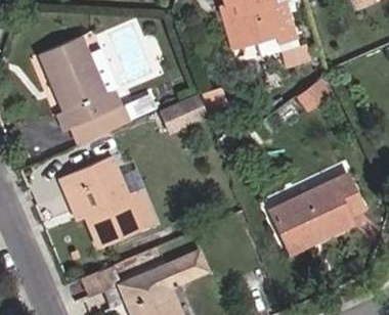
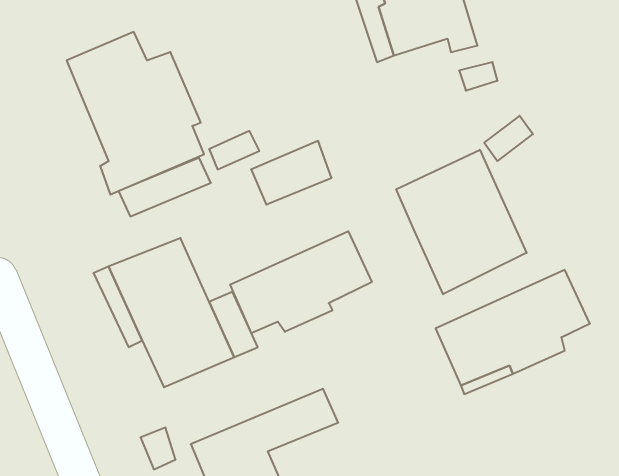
building: none -> [396,150,527,294]
building: none -> [230,231,372,333]

